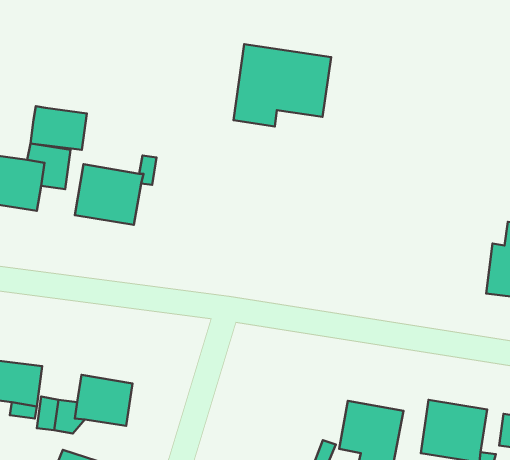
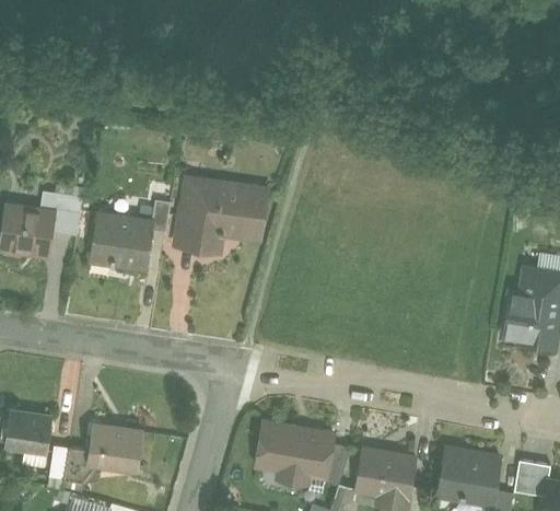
building: [233,44,331,127] -> [174,171,272,254]
building: [30,106,87,150] -> none
building: none -> [252,422,336,491]

